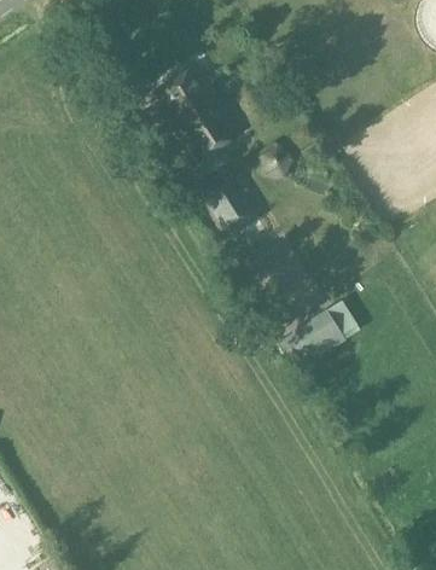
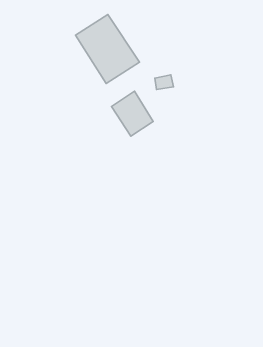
building: [284,307,345,365] -> none

